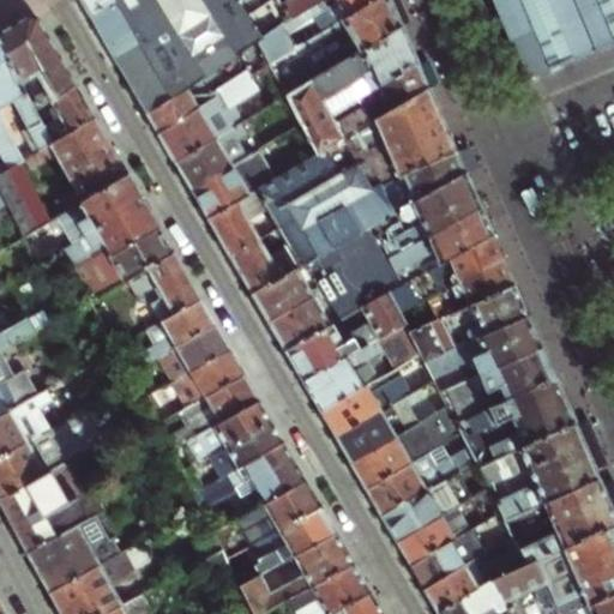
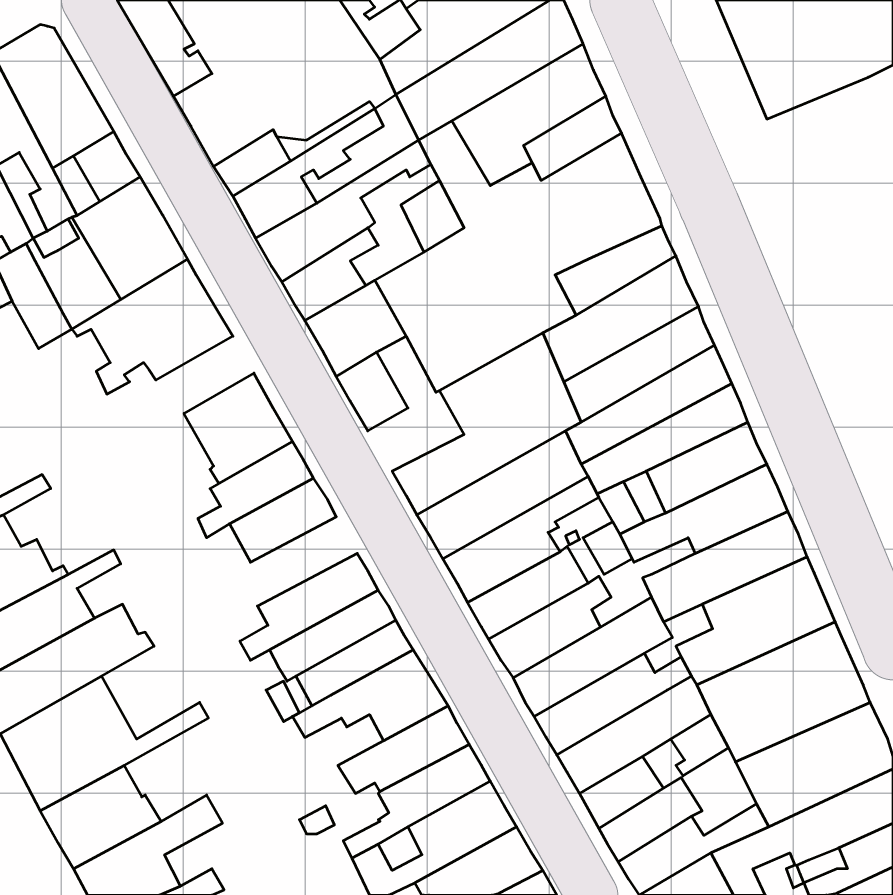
building: [73,230,174,302] -> none
building: [252,267,318,323] -> none
building: [163,354,245,415] -> none

